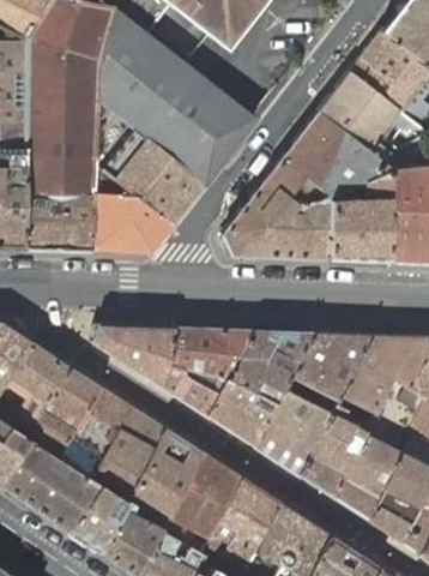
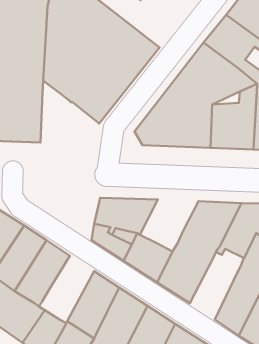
building: [92,164,174,252] -> none
building: [95,325,175,386] -> none
building: [230,330,312,390] -> none
building: [300,403,367,497] -> none
building: [90,408,167,502] -> none

